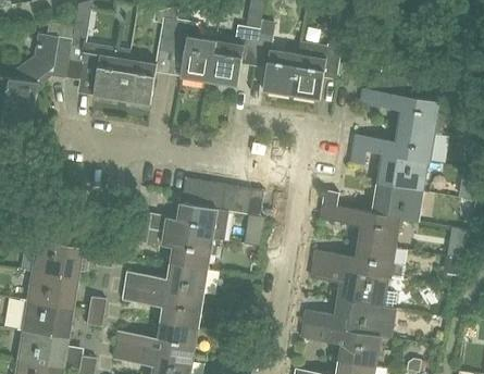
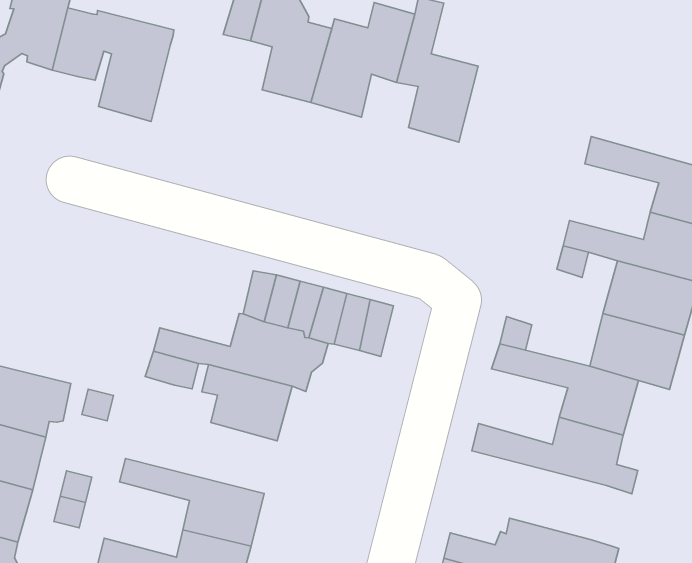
building: [289,42,347,101] -> none
building: [121,59,156,105] -> none
building: [124,262,206,298] -> none
building: [309,264,396,309] -> none

